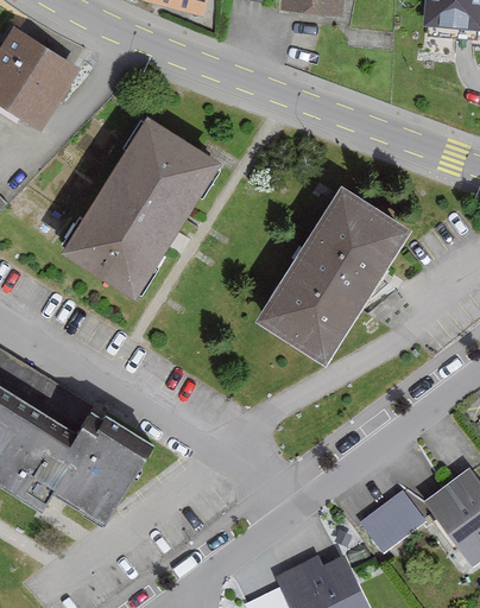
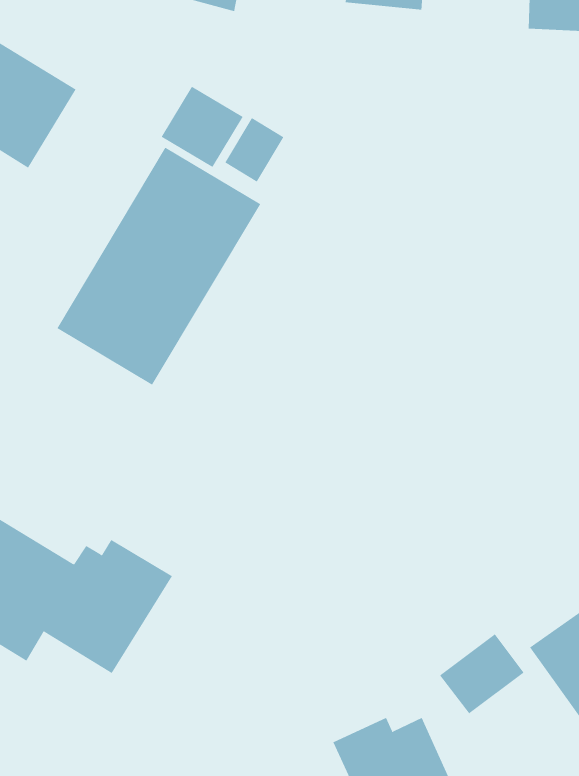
building: none -> [161,86,243,168]
building: none -> [224,117,284,183]
building: [257,185,411,366] -> none

